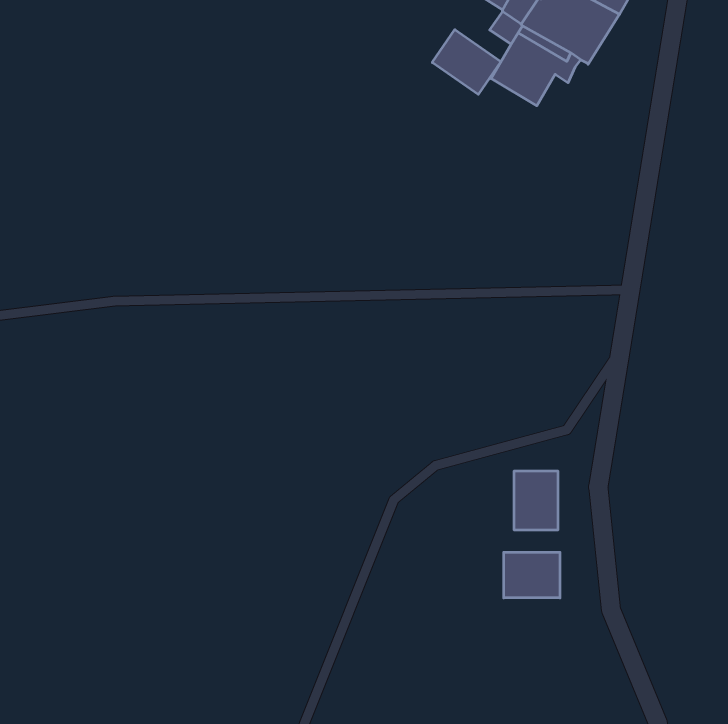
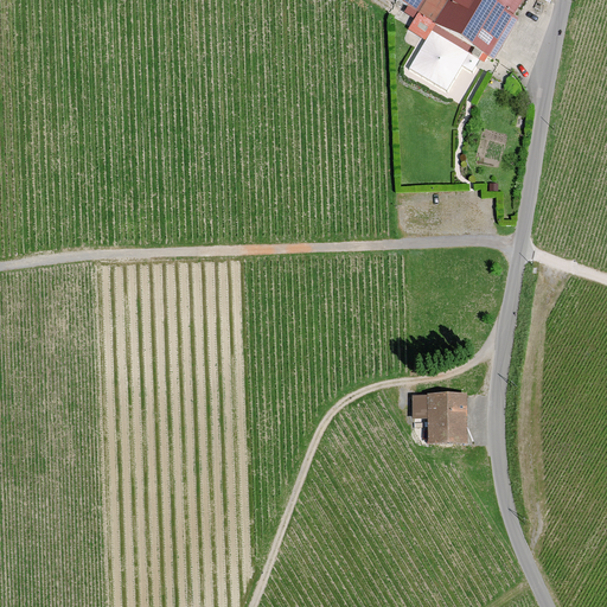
building: [432,30,501,94] -> none
building: [504,552,560,598] -> none

